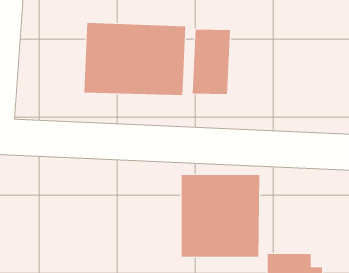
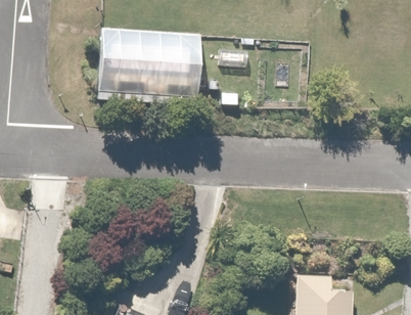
building: [181,174,260,257] -> none

